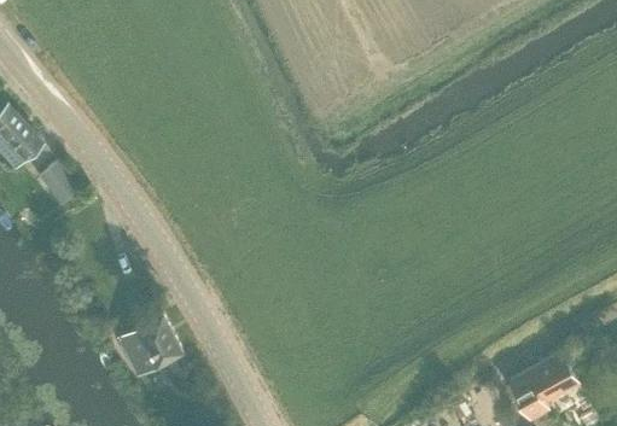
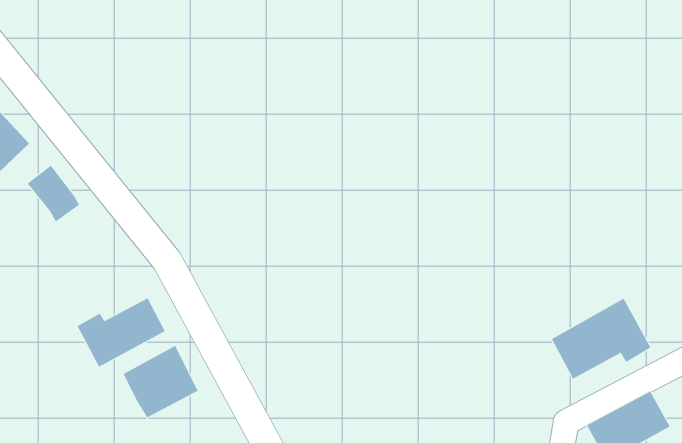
building: none -> [77,298,165,368]
building: none -> [551,298,651,379]

